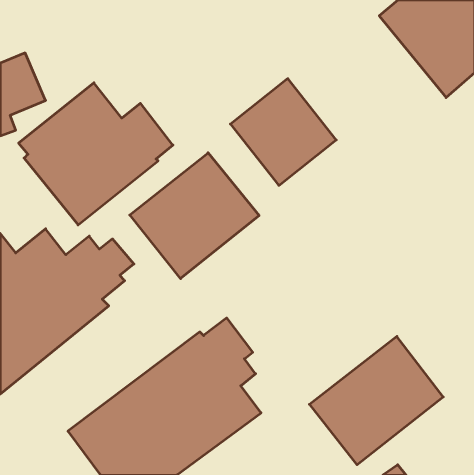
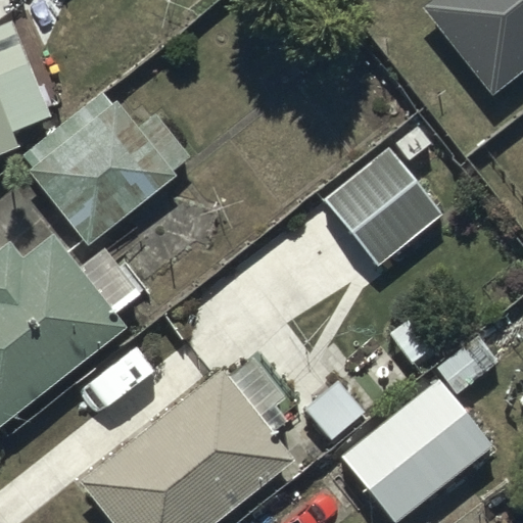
building: [230,79,336,185] -> [322,155,438,273]
building: [130,153,259,279] -> none

